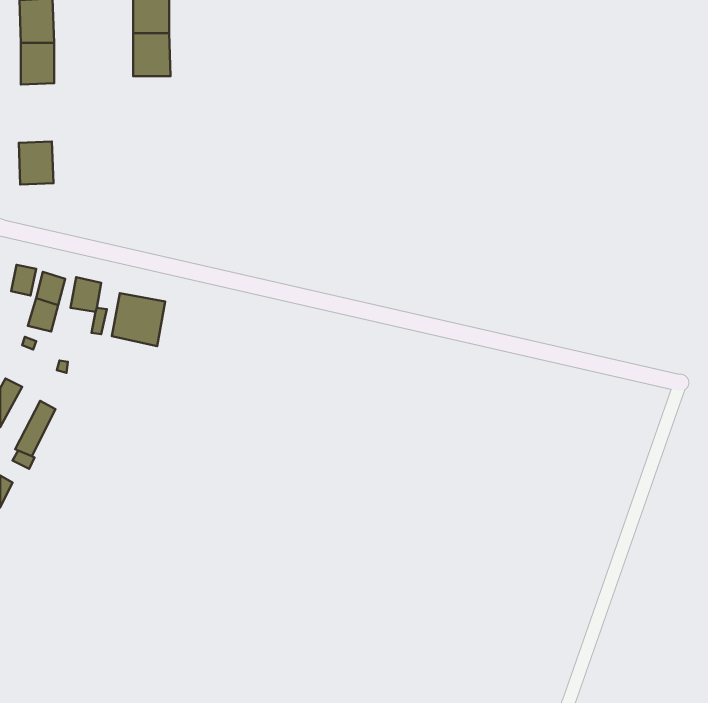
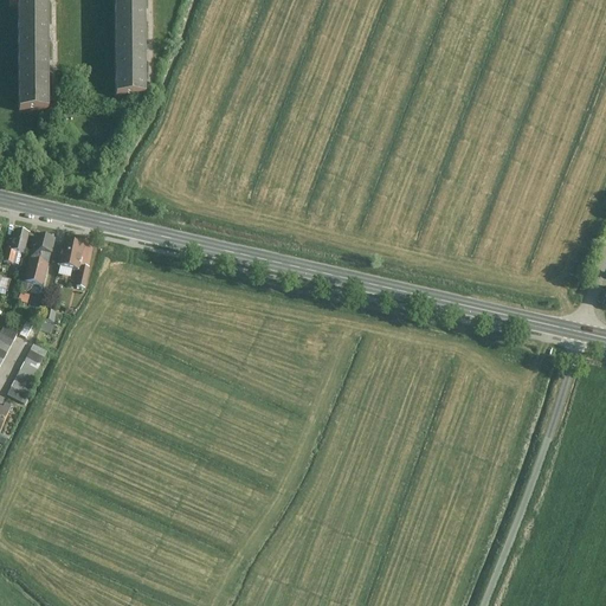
building: none -> [114,65,146,92]
building: [19,141,53,184] -> [18,71,47,108]
building: [112,293,165,346] -> none

